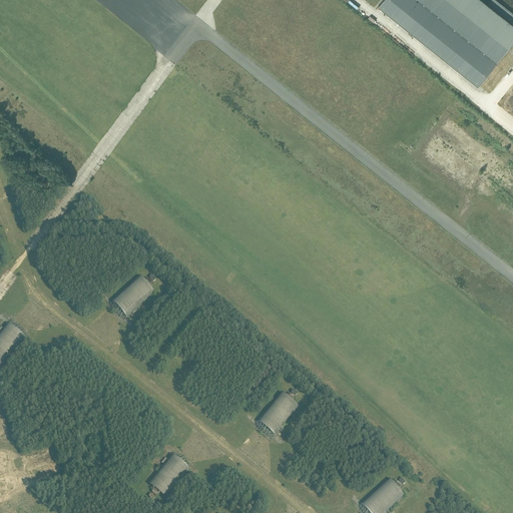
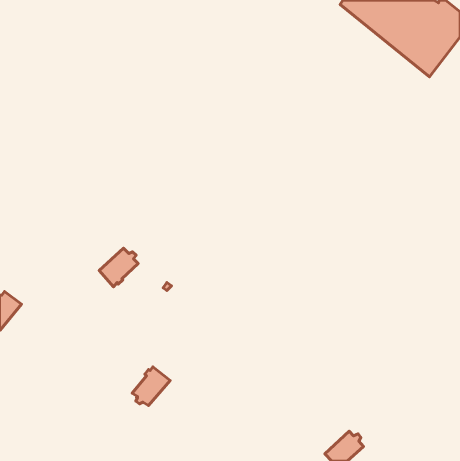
building: [255,392,298,436] -> none
building: [146,455,188,498] -> [132,367,170,406]

